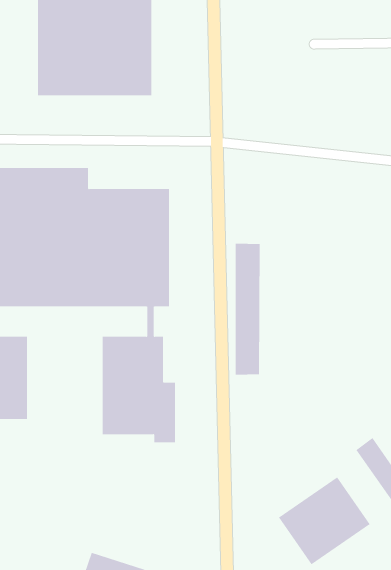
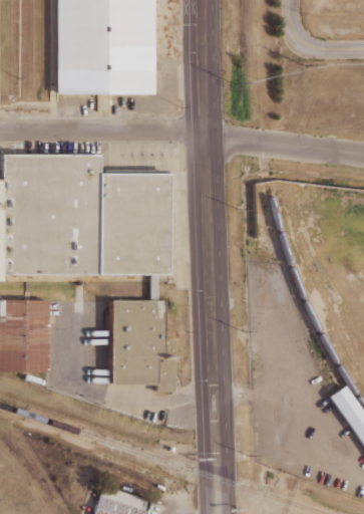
building: [235,243,260,375] -> none
building: [278,476,370,565] -> none

